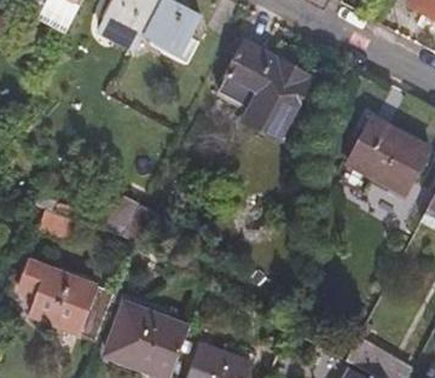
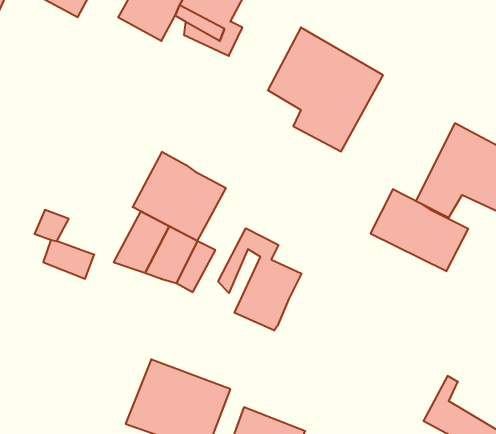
building: none -> [133,152,226,241]
building: none -> [371,189,468,271]
building: none -> [218,228,301,331]
building: [17,266,111,345] -> none

